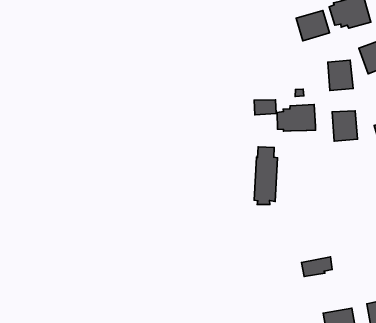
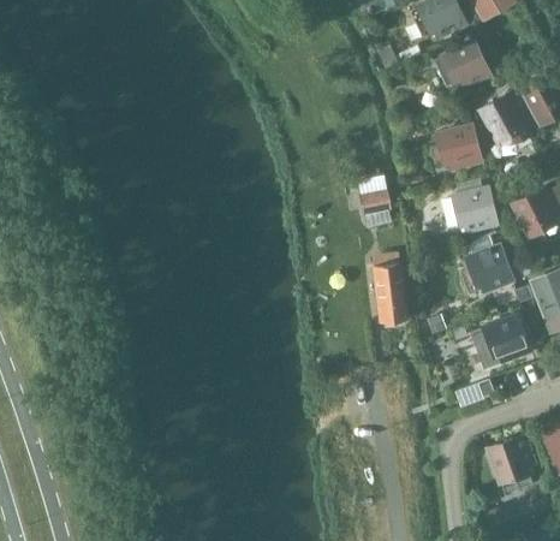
building: [296,10,330,41] -> none
building: [277,105,315,131] -> none
building: none -> [472,245,513,291]
building: none -> [473,316,530,367]

